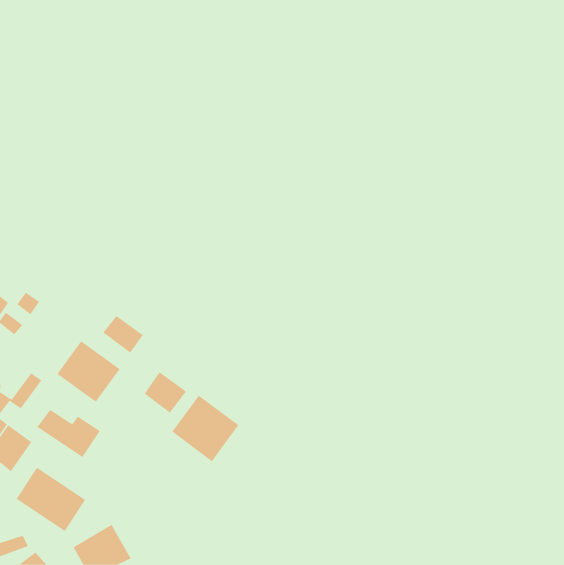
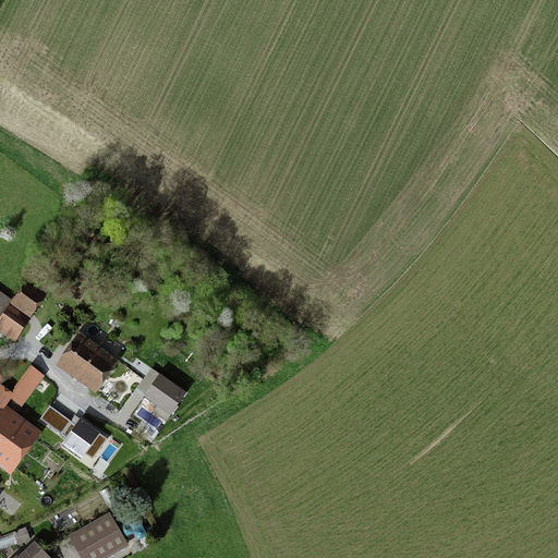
building: [102,315,144,354] -> none
building: [171,395,239,462] -> none
building: [16,467,86,532] -> none

